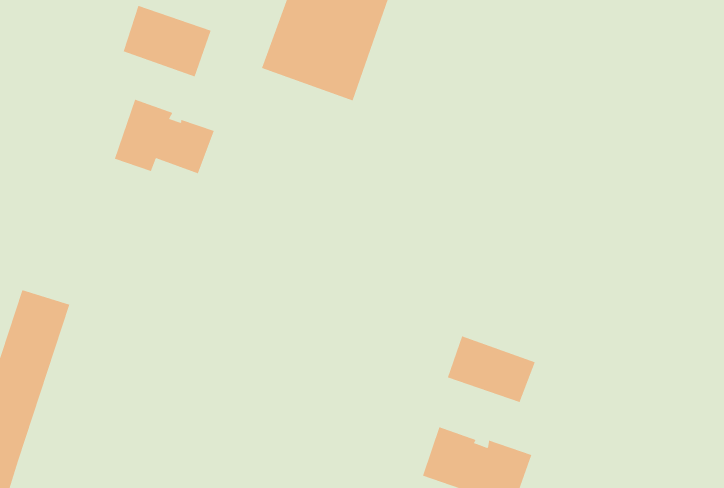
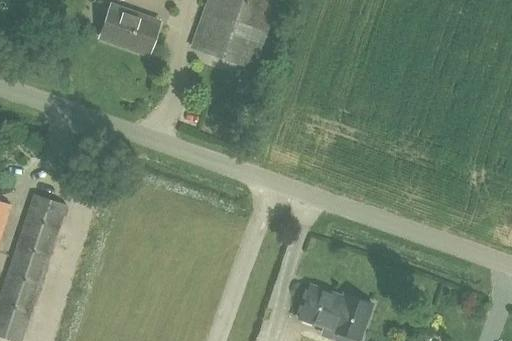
building: [114,99,214,174] -> none
building: [447,335,536,403] -> none

